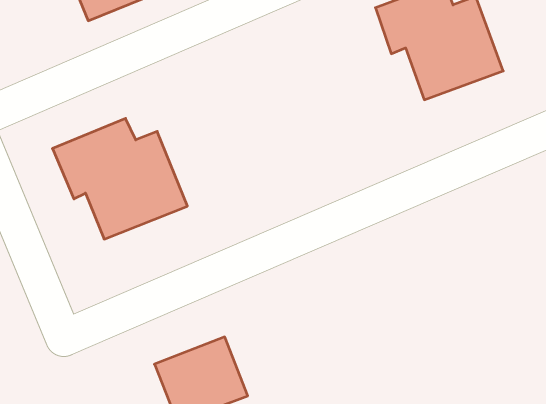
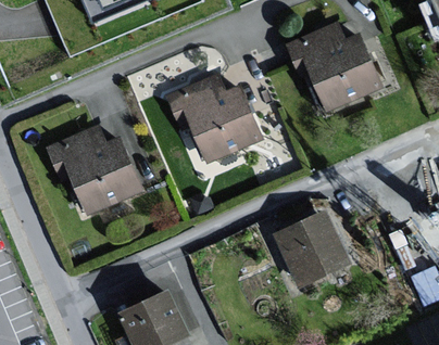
building: none -> [164,72,261,162]
building: none -> [275,210,348,282]

